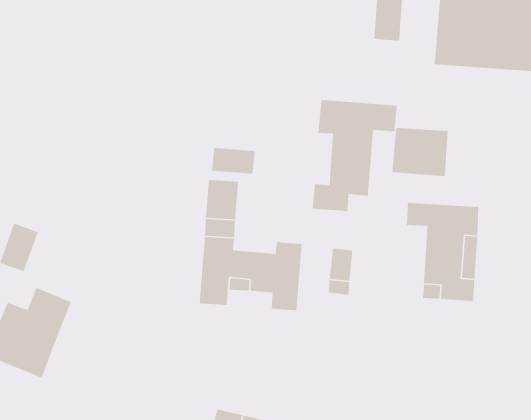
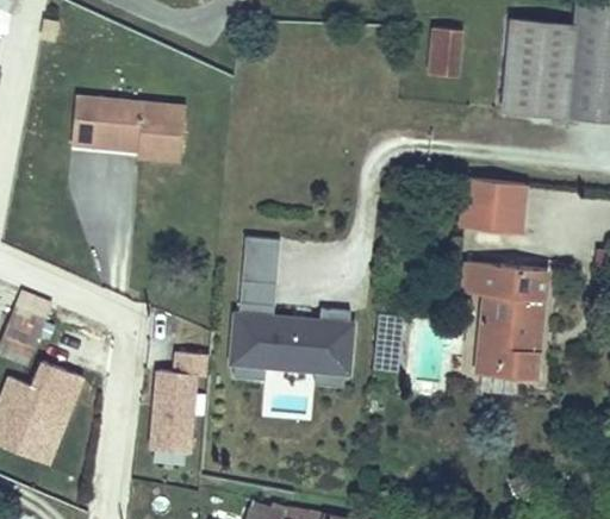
building: none -> [66,90,179,155]
building: [312,99,398,212] -> none
building: [211,147,256,175] -> none
building: none -> [150,350,206,449]

